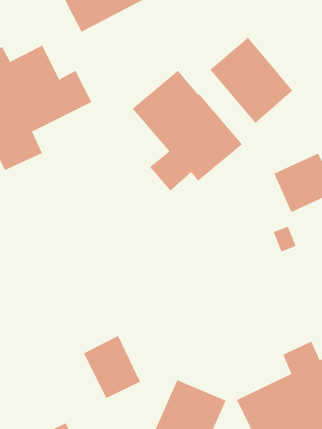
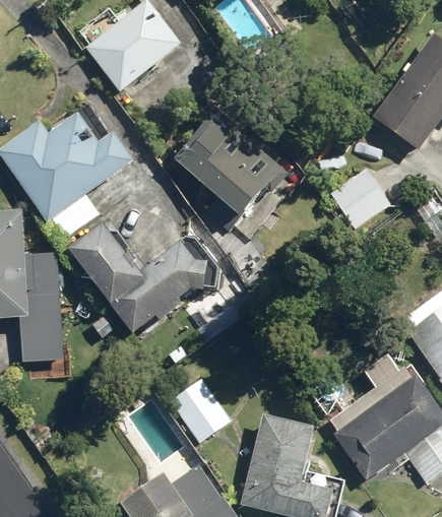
building: [209,37,293,124] -> none
building: none -> [72,221,212,333]

